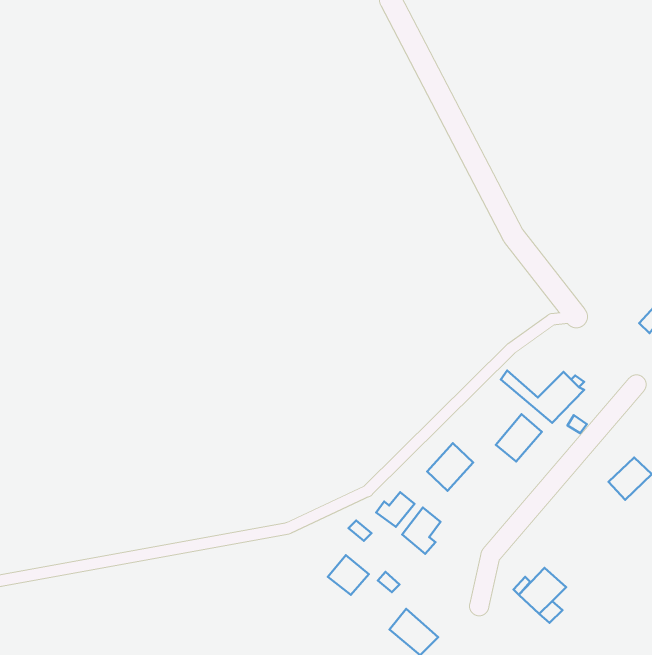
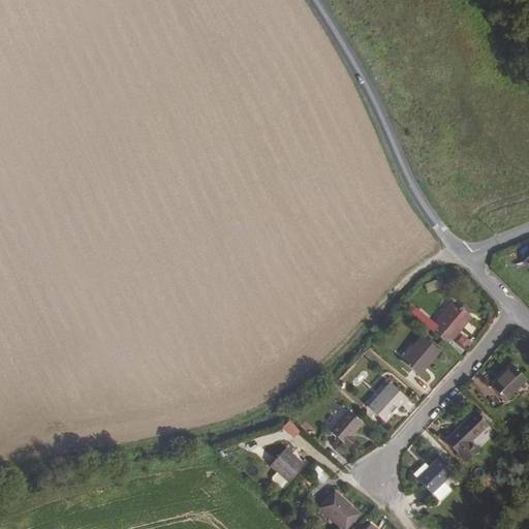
building: [427,443,473,491] -> [368,380,405,418]
building: [376,492,415,527] -> none
building: none -> [448,416,492,465]

